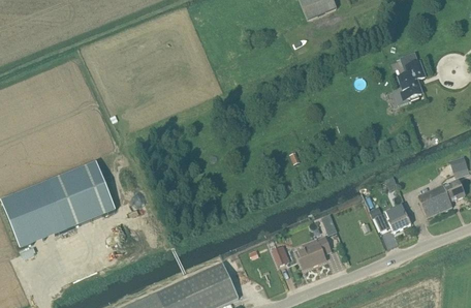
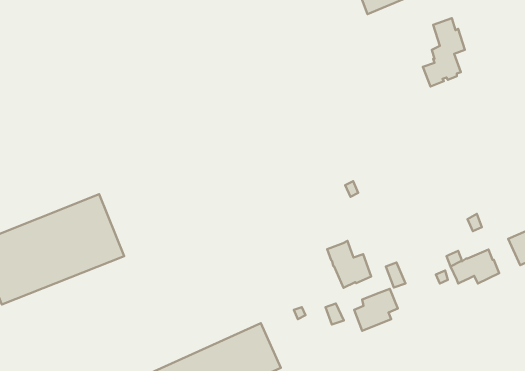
building: [391,51,425,104] -> [423,18,465,87]
building: none -> [327,241,371,288]

